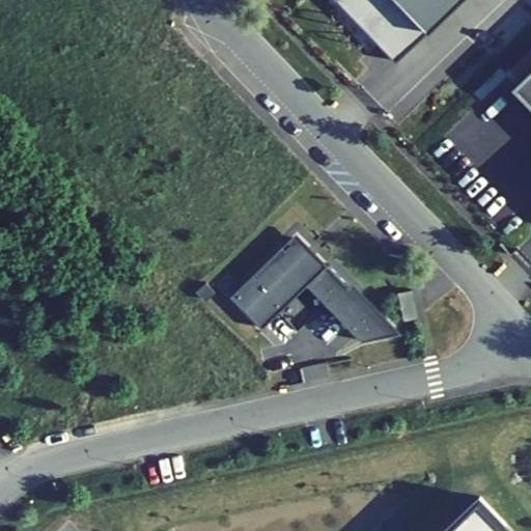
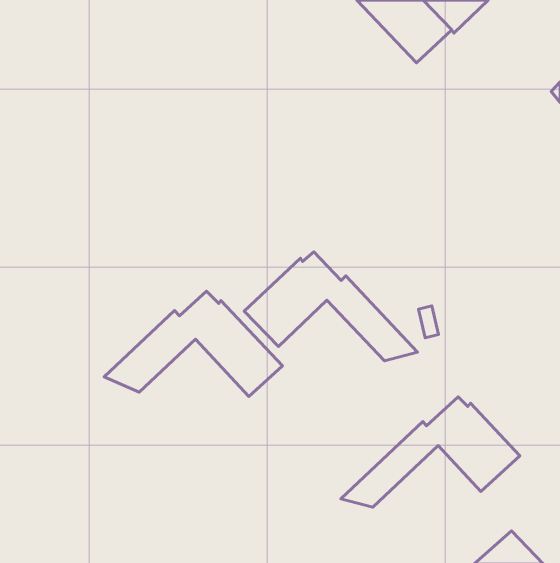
building: none -> [104,291,283,396]
building: none -> [341,397,520,507]

